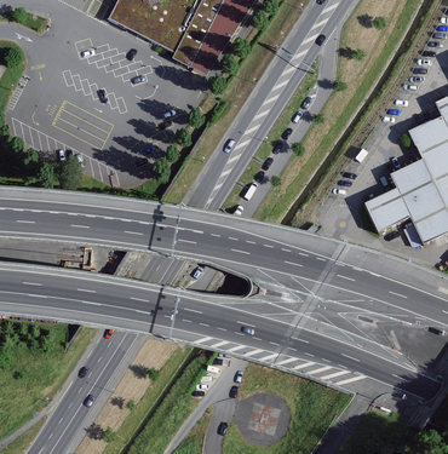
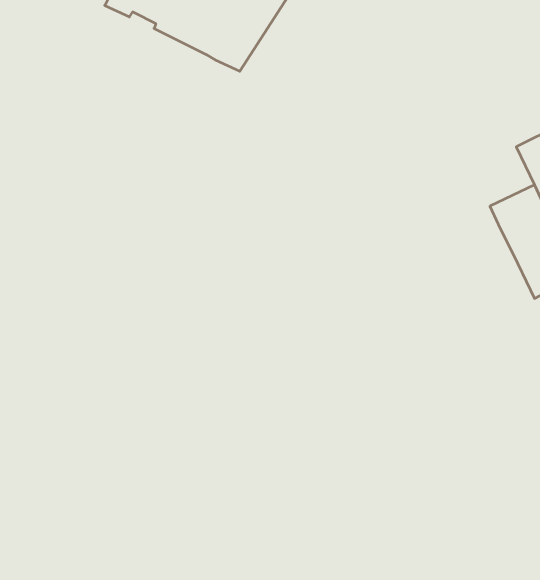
building: [366,182,412,226] -> none

